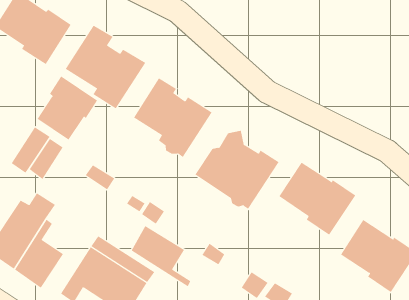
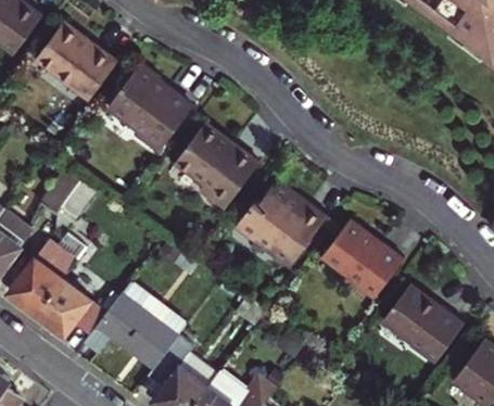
building: [37,76,98,140] -> none
building: [131,225,191,287] -> none

